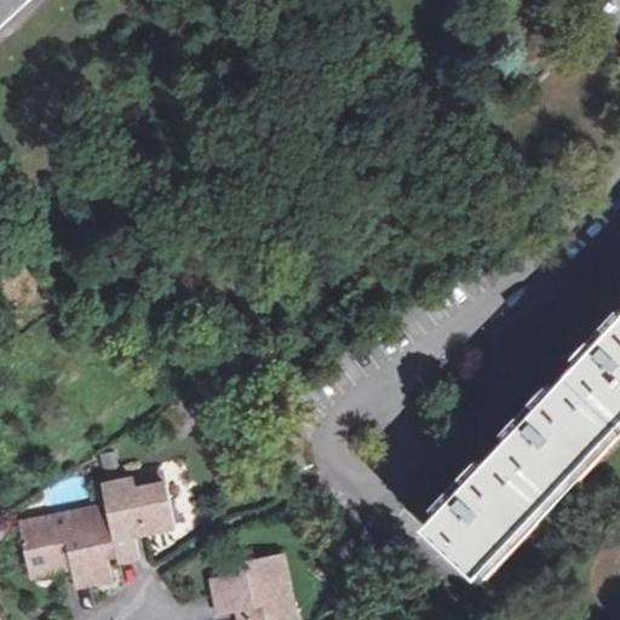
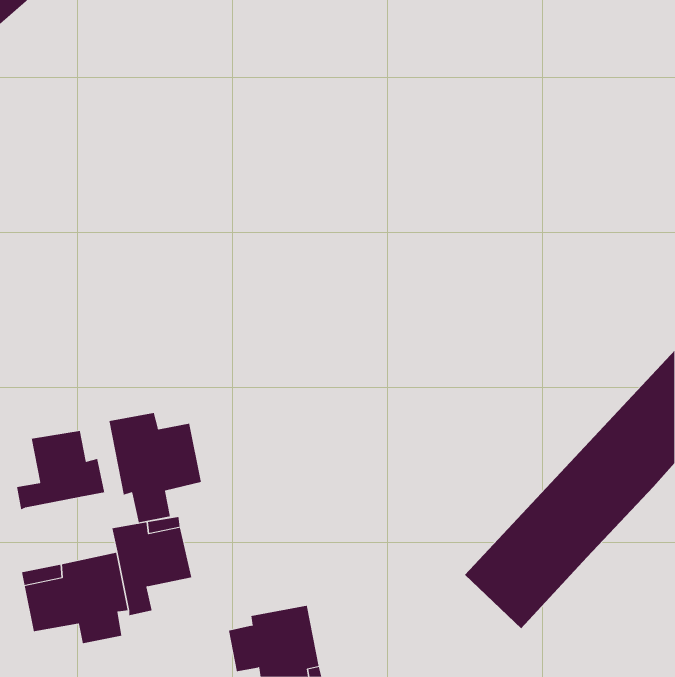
building: none -> [109,412,202,523]
building: none -> [17,430,105,510]

